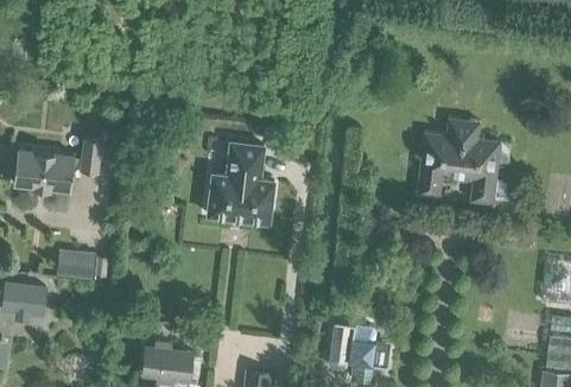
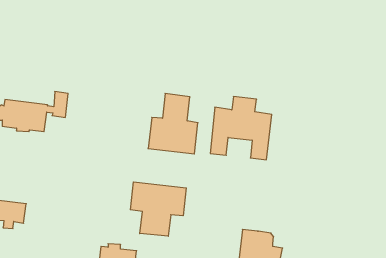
building: [418,119,500,203] -> [210,97,272,160]
building: [57,253,95,279] -> none
building: none -> [130,182,186,236]

